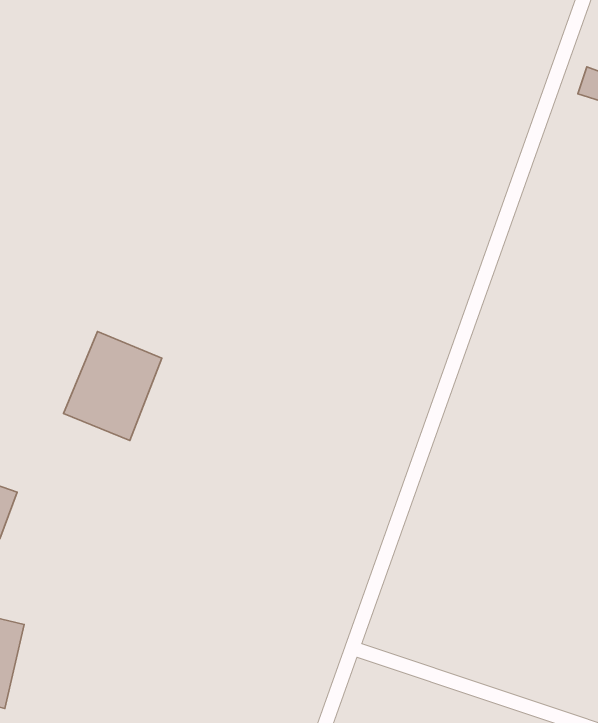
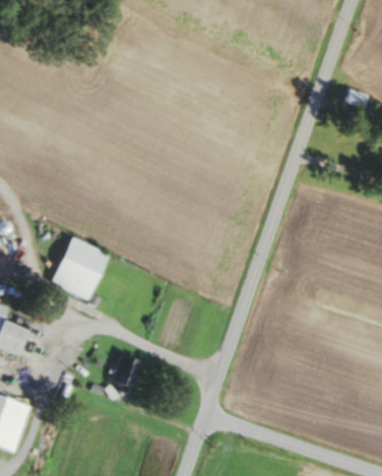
building: none -> [110,354,144,394]

